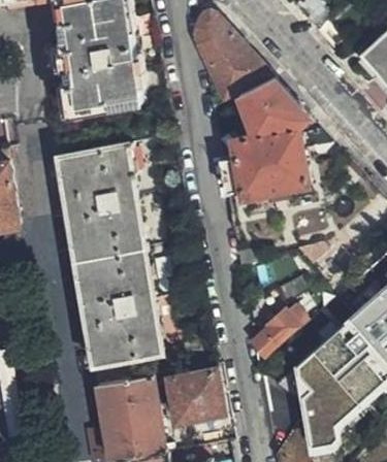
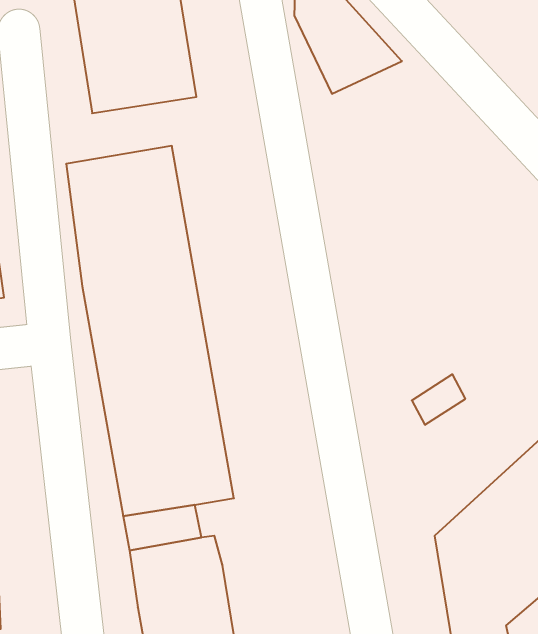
building: [221,80,310,195] -> none
building: [253,305,309,365] -> none
building: [169,371,222,421] -> none

